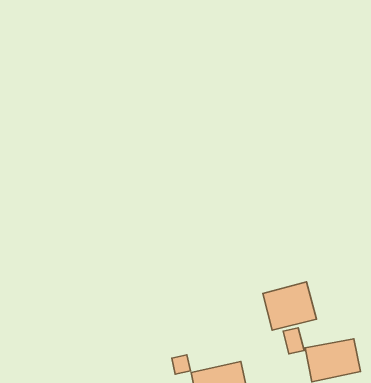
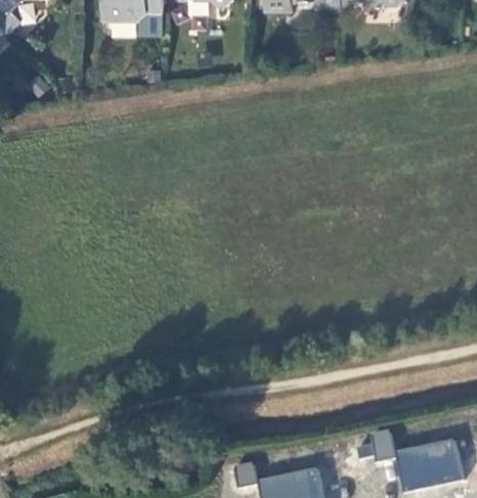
building: [263,282,316,330] -> none

